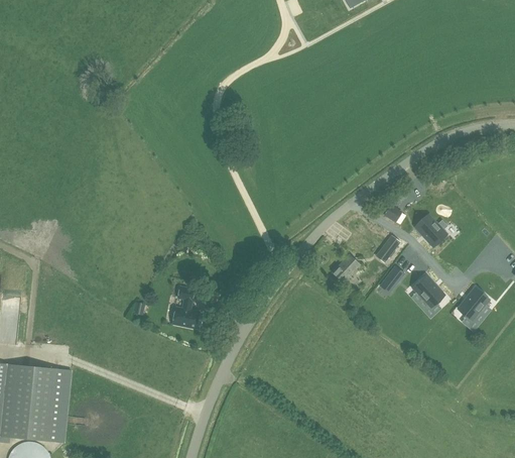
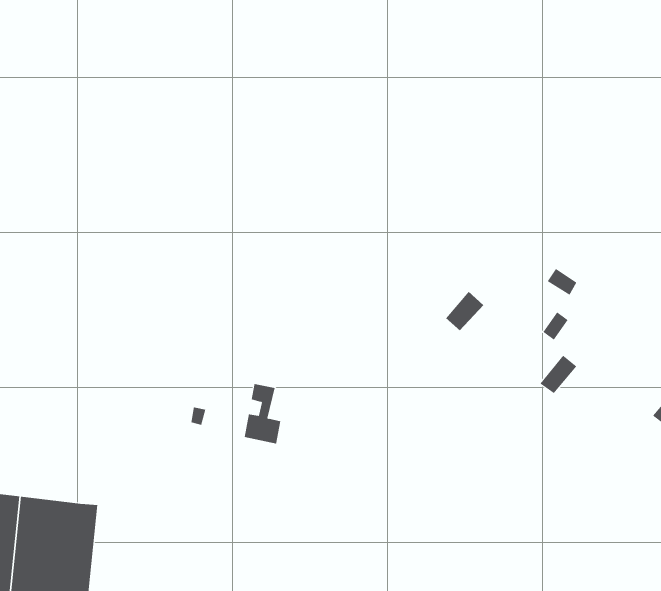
building: [415,215,447,247] -> none
building: [333,255,360,283] -> [445,291,484,331]
building: [412,275,444,308] -> none

